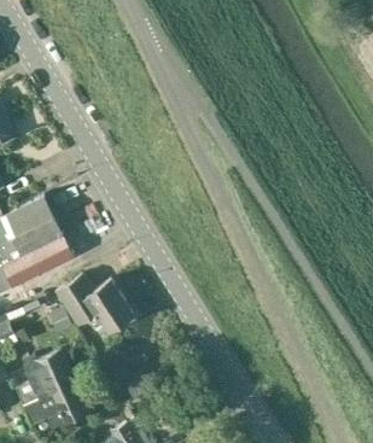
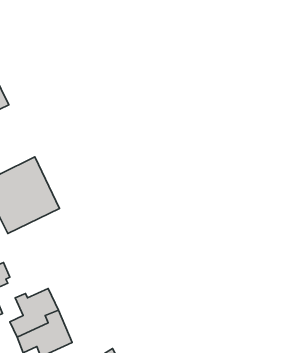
building: [57,276,133,331] -> none

